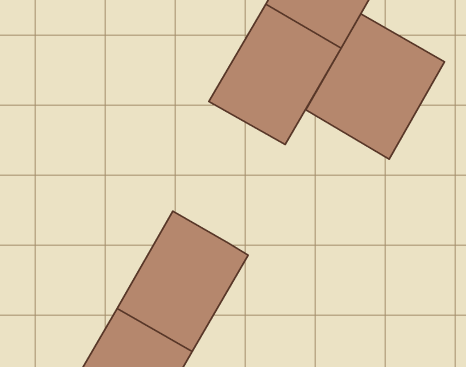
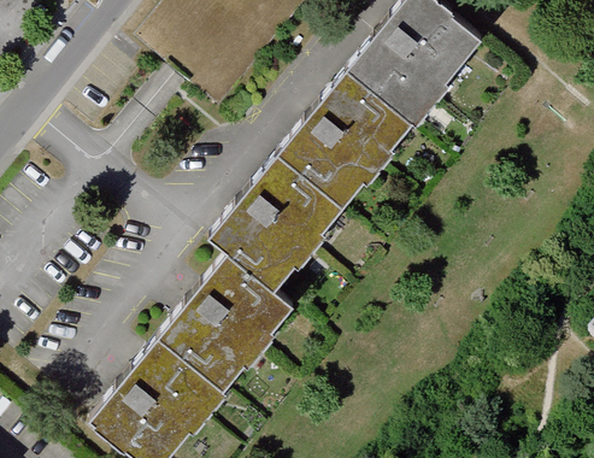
building: [306,14,445,159] -> none
building: none -> [212,141,357,289]

